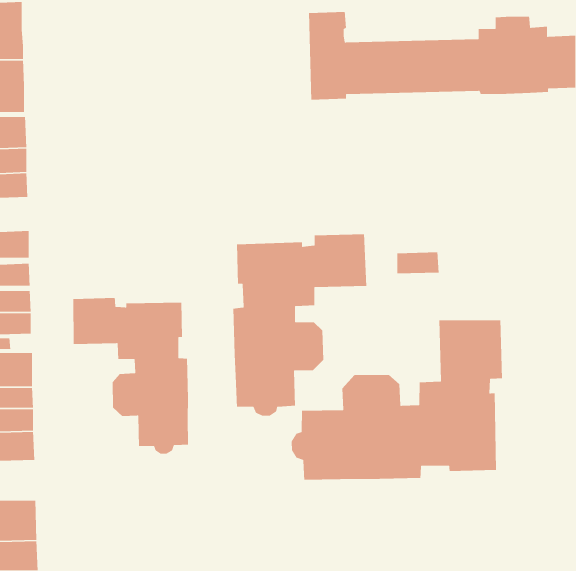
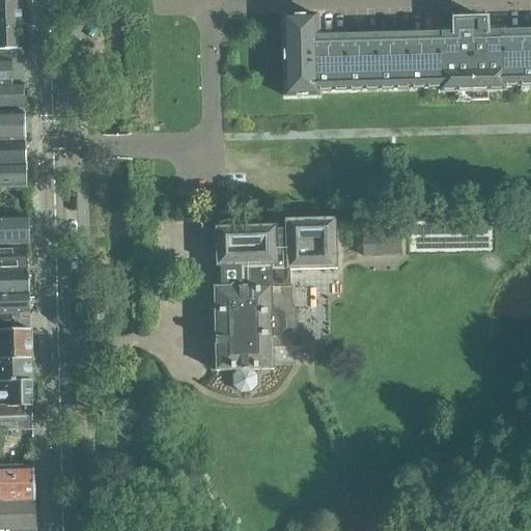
building: [72,297,189,455] -> none
building: [291,319,503,480] -> none

